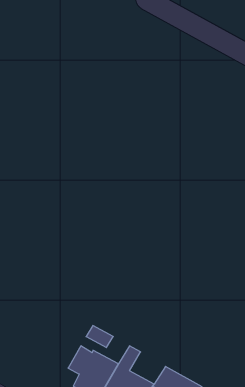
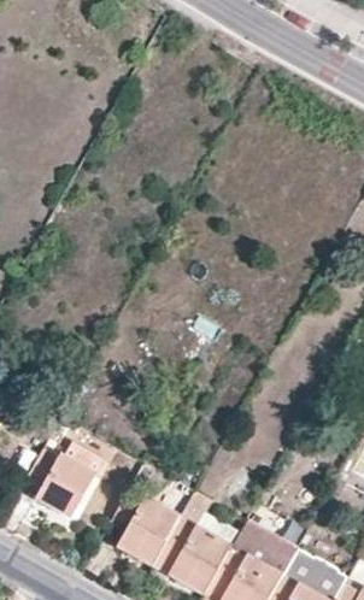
building: none -> [27,449,96,518]

